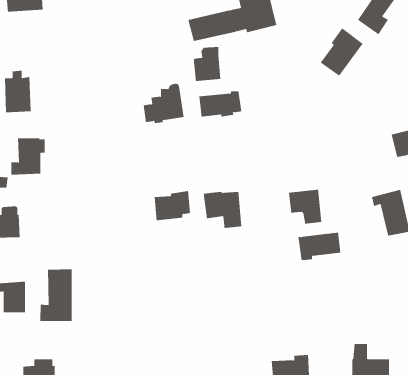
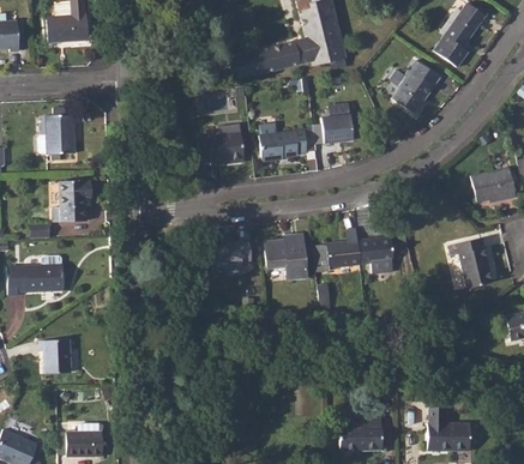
building: [193,46,221,81] -> [323,104,354,143]
building: [297,232,341,261] -> [313,240,361,271]
building: [40,268,72,322] -> none

